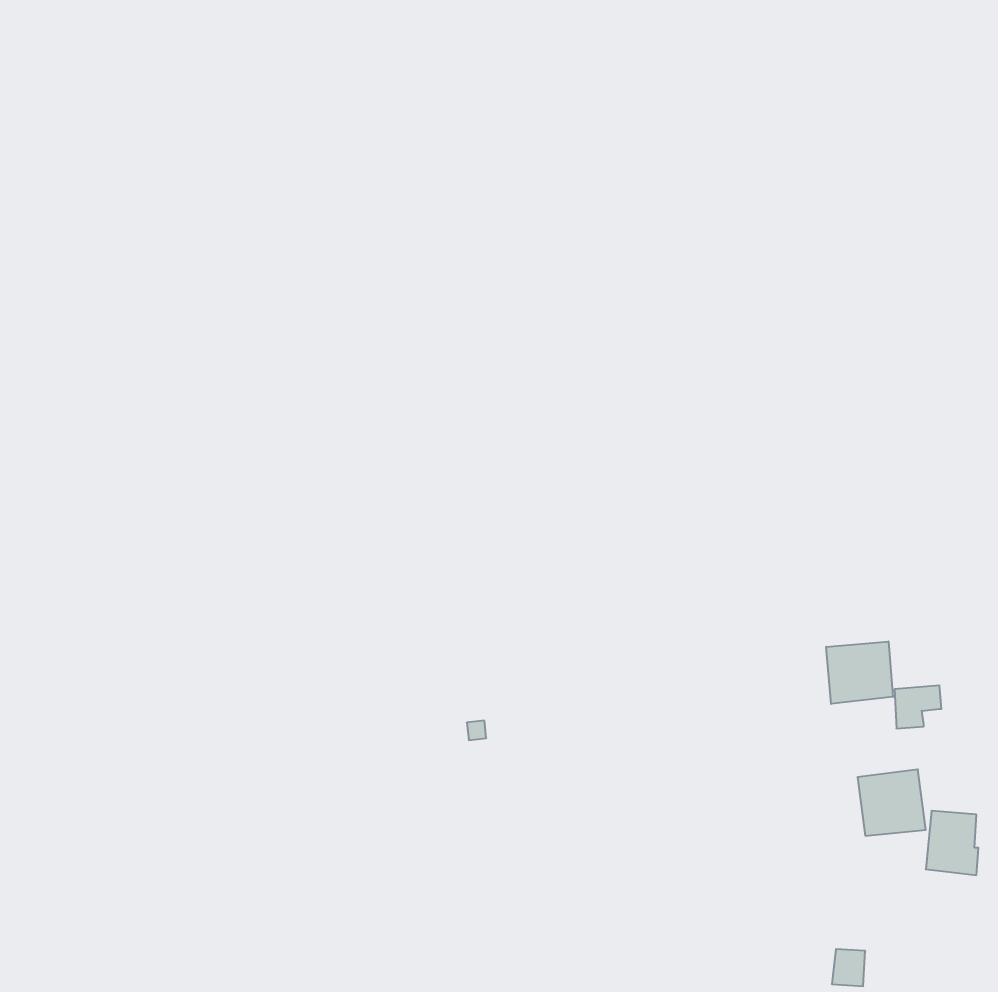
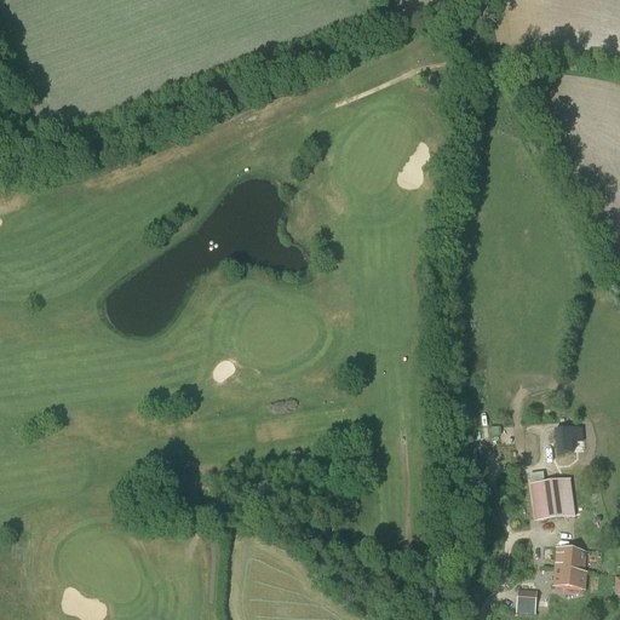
building: [826,641,893,704] -> none
building: [926,811,978,875] -> [553,547,586,587]

